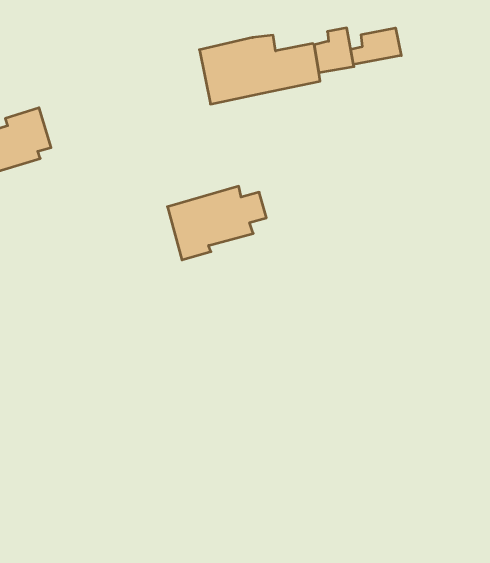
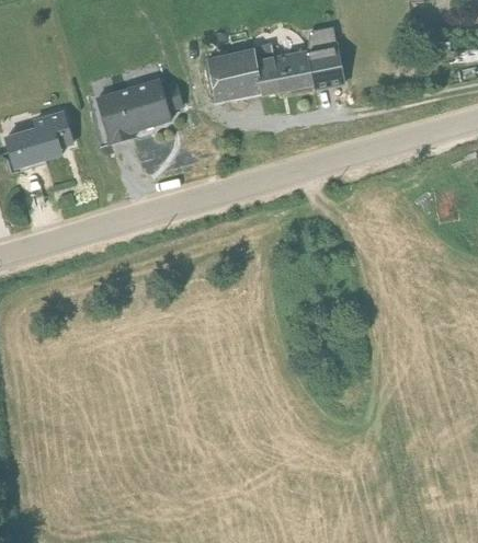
building: [351,28,401,65] -> none
building: [167,186,266,260] -> [95,78,185,145]

